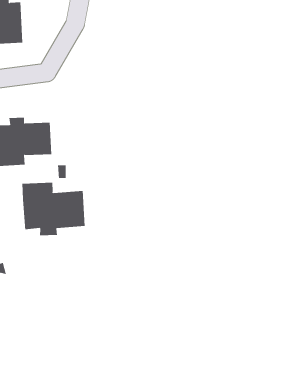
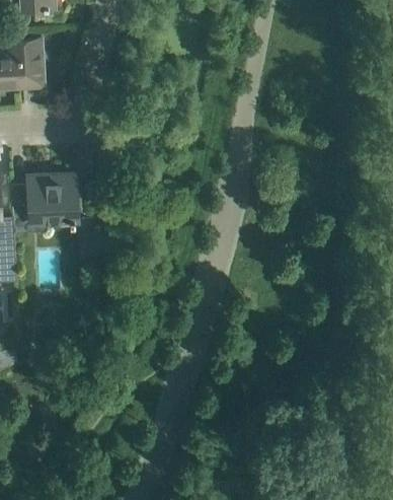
building: [22,182,85,236] -> none

